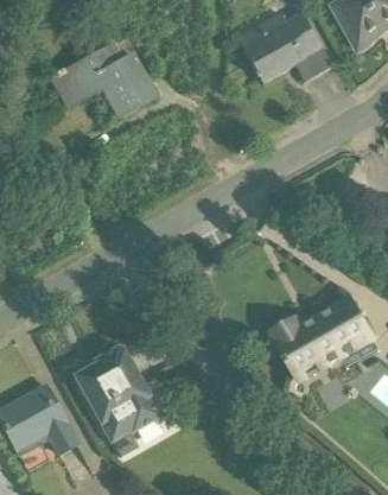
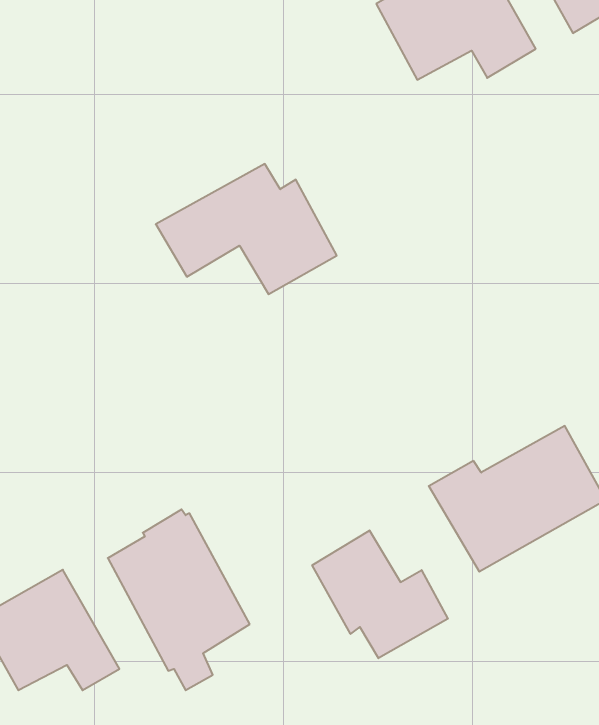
building: [49,40,159,120] -> [156,164,337,294]
building: none -> [312,530,448,658]

